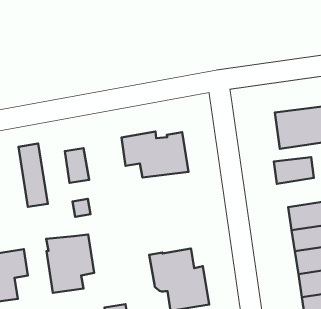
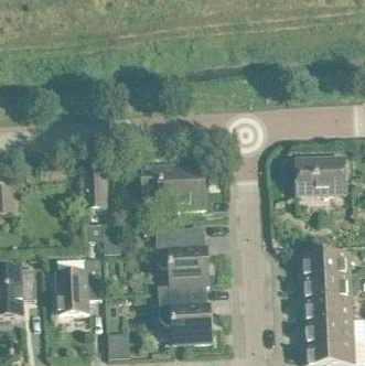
building: [18,144,48,207] -> none
building: [274,157,314,184] -> none
building: none -> [155,226,208,286]

